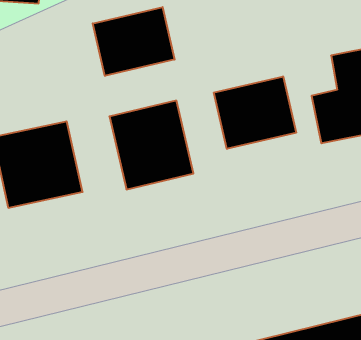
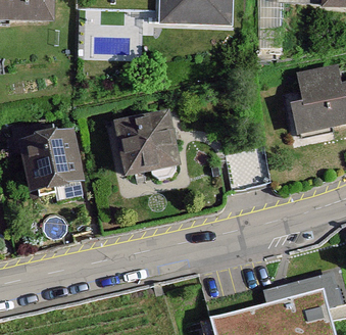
building: [93,7,175,76] -> none
building: [214,76,296,149] -> none

